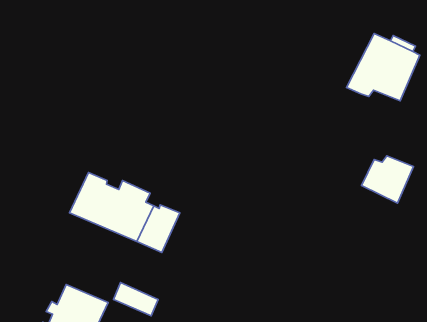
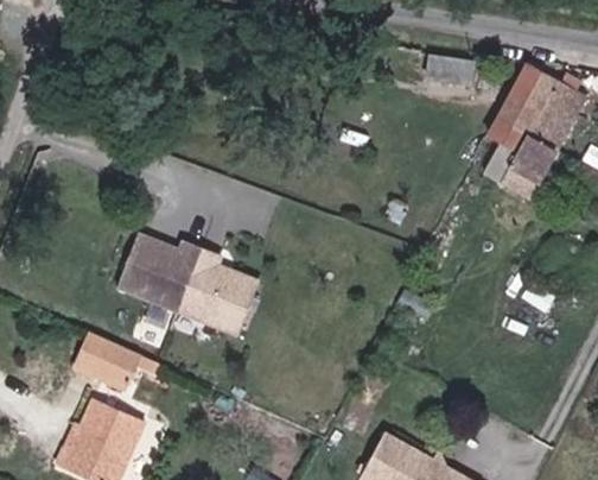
building: none -> [420,56,470,86]
building: [362,156,414,203] -> [475,133,543,196]
building: [113,283,158,316] -> [83,336,142,380]

